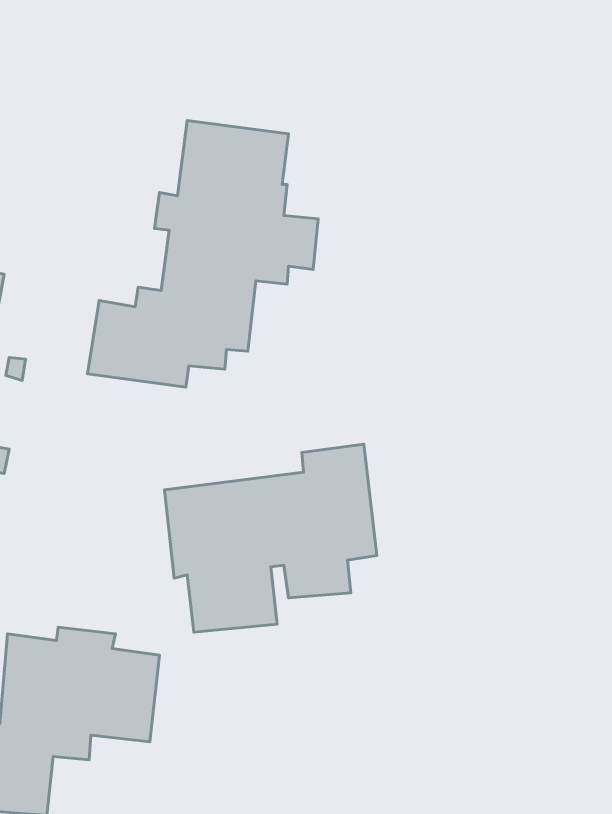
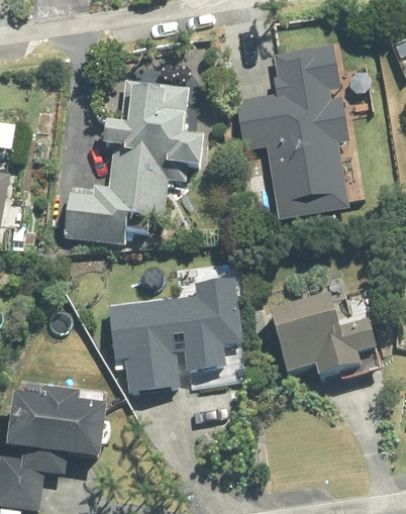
building: none -> [237,41,350,216]
building: none -> [271,298,378,379]

